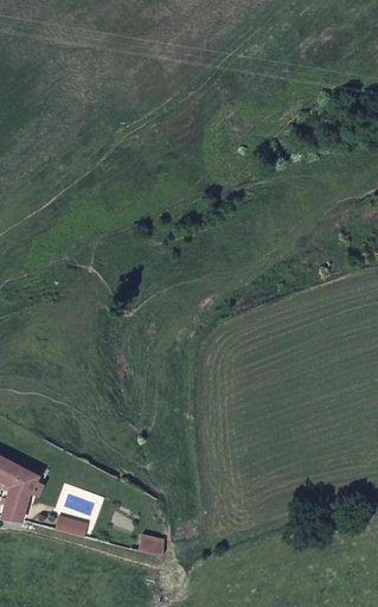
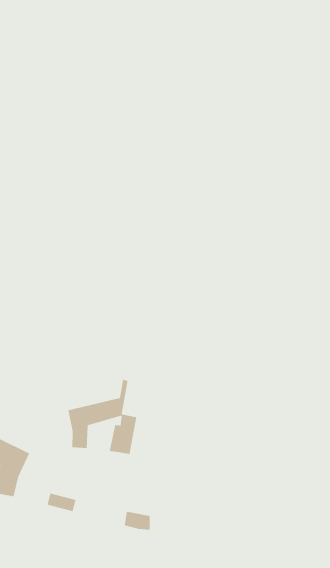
building: none -> [68,379,137,455]

